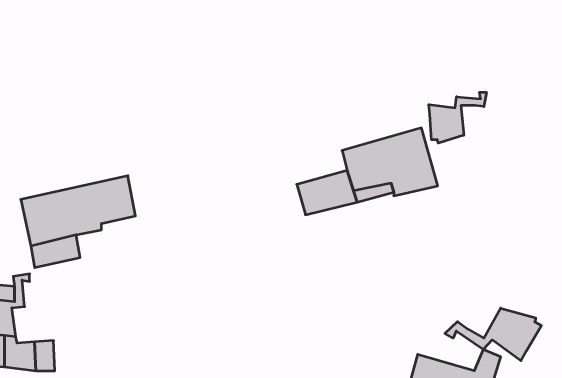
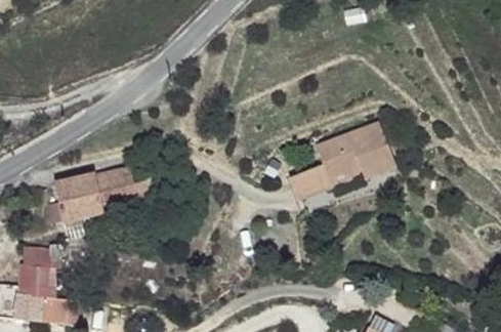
building: [429,92,486,143] -> none
building: [445,308,541,361] -> none

